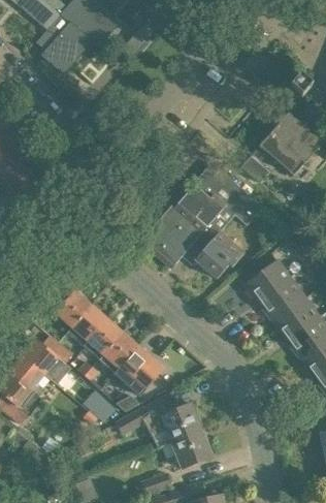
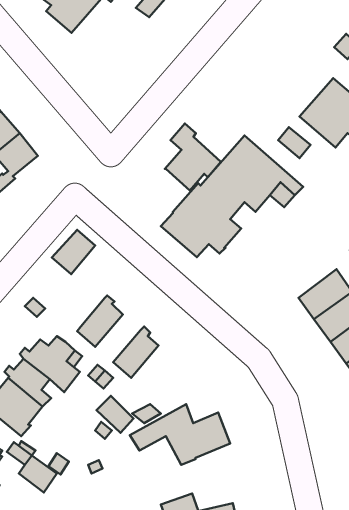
building: [195,220,243,278] -> [165,124,221,190]
building: [244,259,292,303] -> none
building: [55,289,92,327] -> [52,230,95,274]
building: [84,314,123,358] -> none
building: [115,344,160,395] -> none
building: [170,429,210,468] -> none

